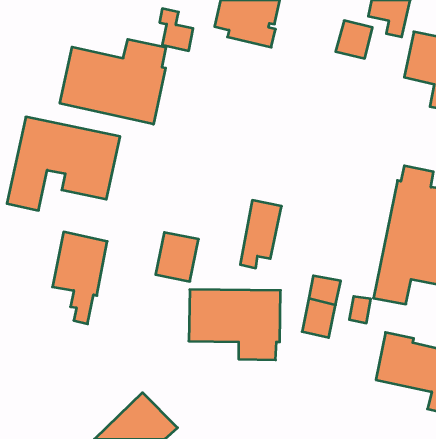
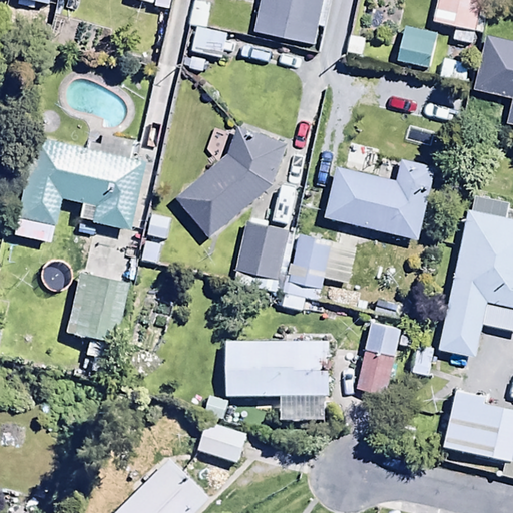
building: [60,39,166,124] -> none
building: none -> [172,126,287,239]
building: none -> [325,157,436,237]
building: [156,232,199,281] -> [237,220,288,278]
building: none -> [197,423,249,464]

